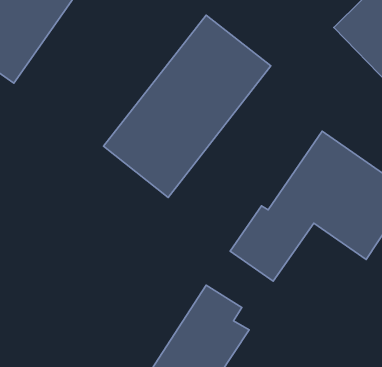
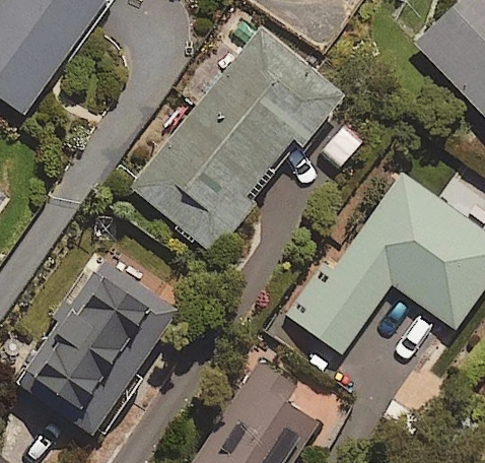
building: none -> [15,252,179,433]

